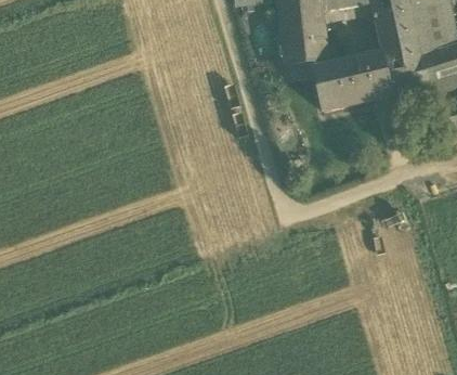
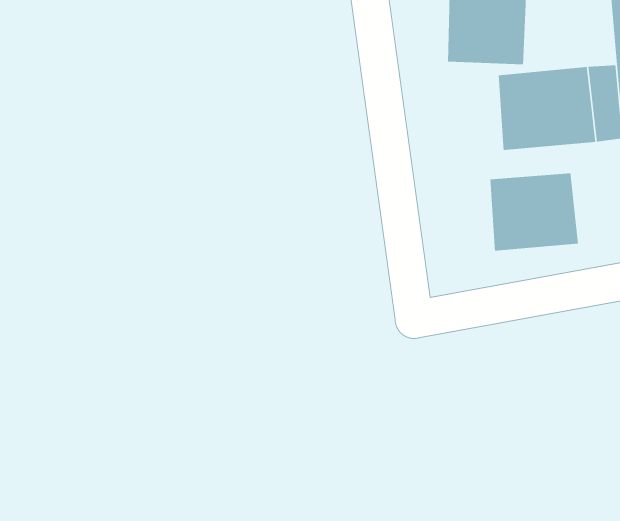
building: none -> [490,172,579,252]

